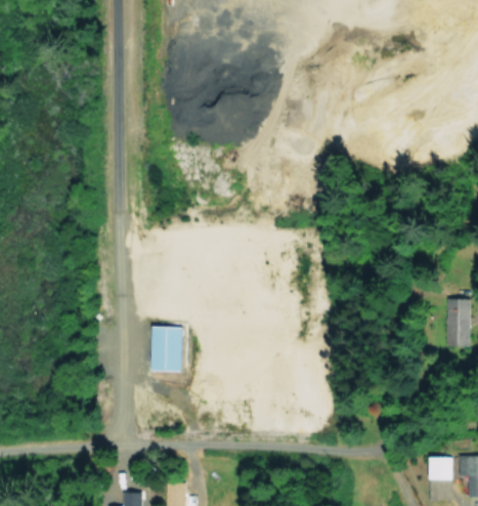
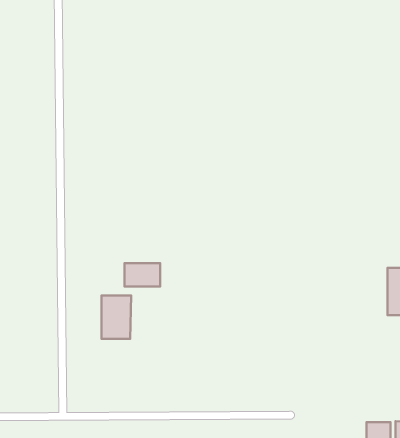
building: none -> [124,263,160,287]

